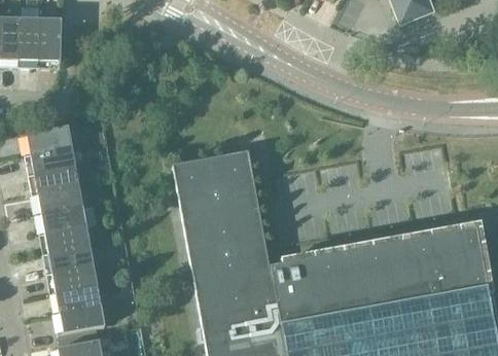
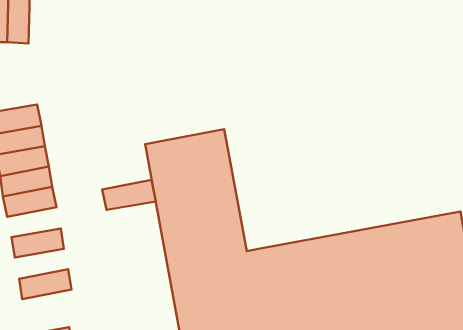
building: [39,226,91,255] -> [102,180,156,210]
building: [46,266,98,295] -> none
building: [54,306,105,335] -> none

